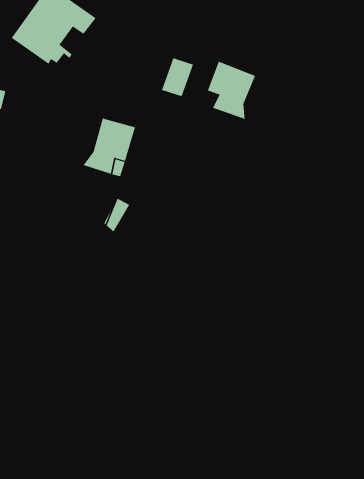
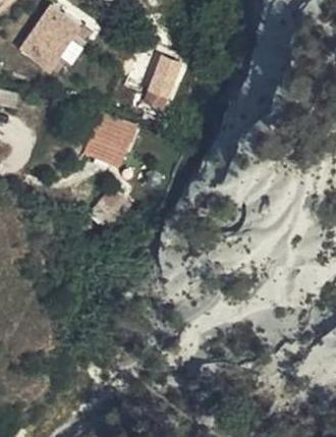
building: [207,61,256,120] -> none

